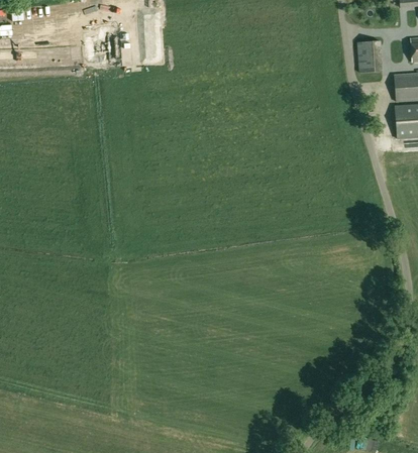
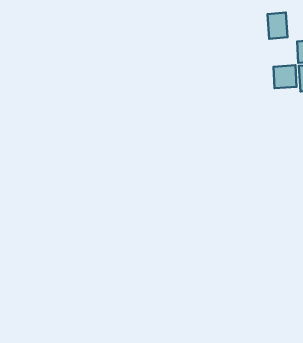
building: none -> [273,65,297,88]

